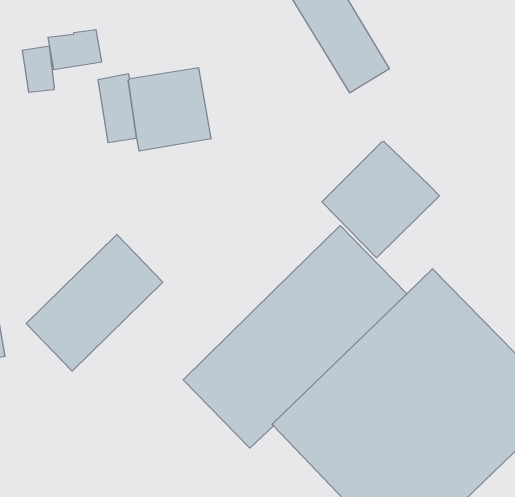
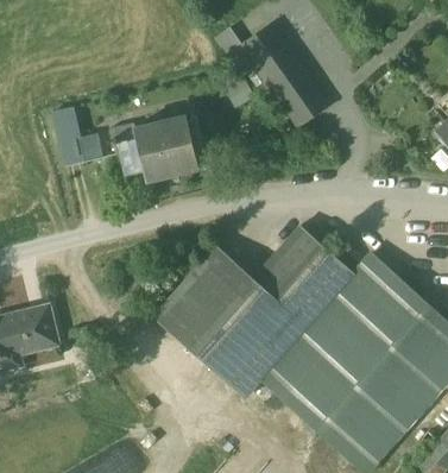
building: [48,30,102,70] -> [61,134,102,166]
building: [322,141,439,258] -> none
building: [26,234,163,371] -> [154,245,254,349]

